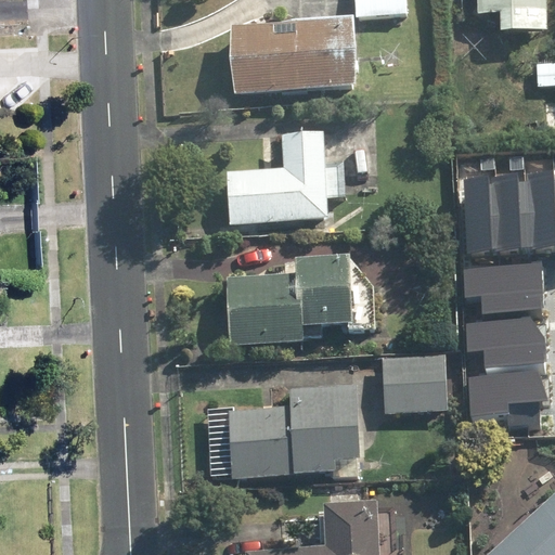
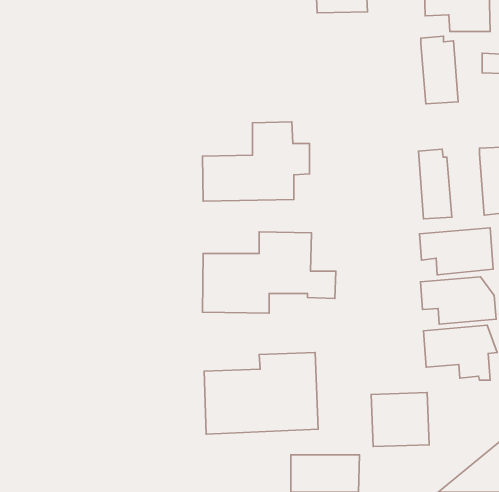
building: [228,15,352,93] -> none
building: [496,165,538,240] -> [421,36,458,104]
building: [380,352,444,412] -> [371,393,429,447]

